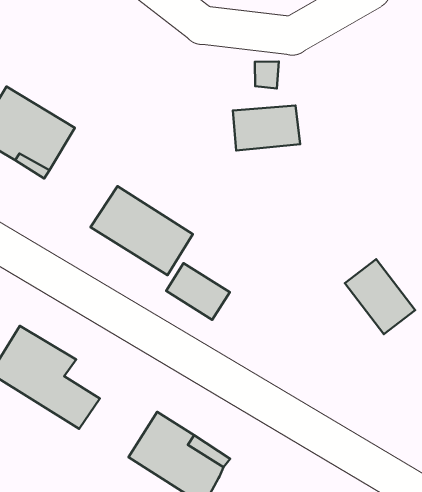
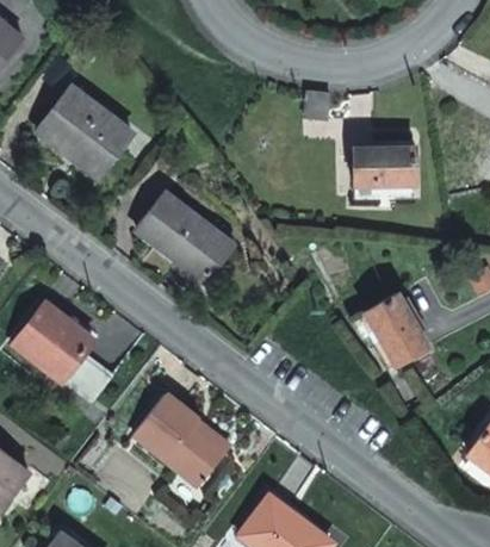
building: [233,105,300,151] -> [353,141,414,180]
building: [166,263,230,320] -> none

